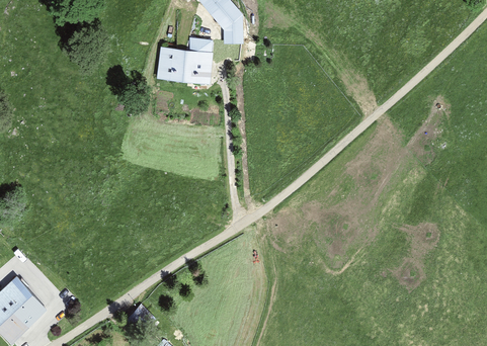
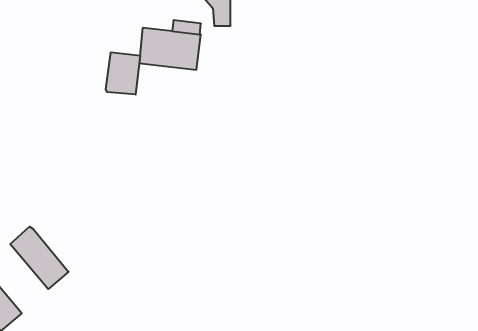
building: none -> [106,52,140,95]
building: none -> [10,227,69,289]

